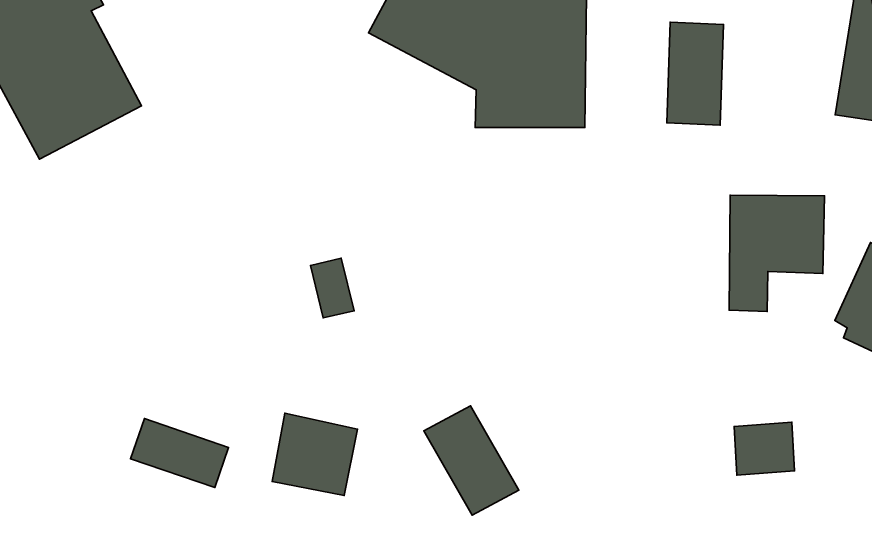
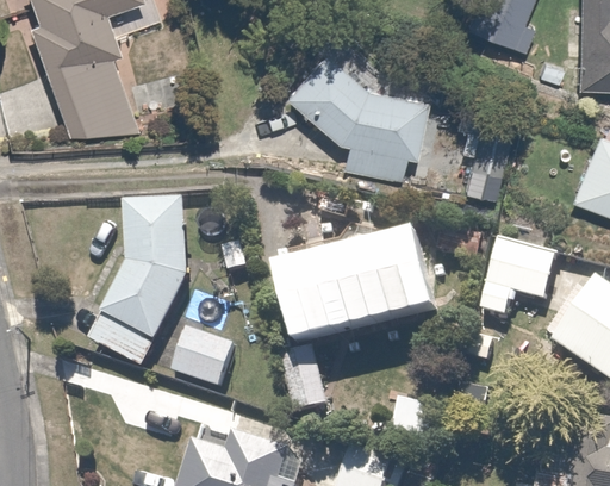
building: none -> [106,200,188,341]
building: none -> [290,242,431,335]

